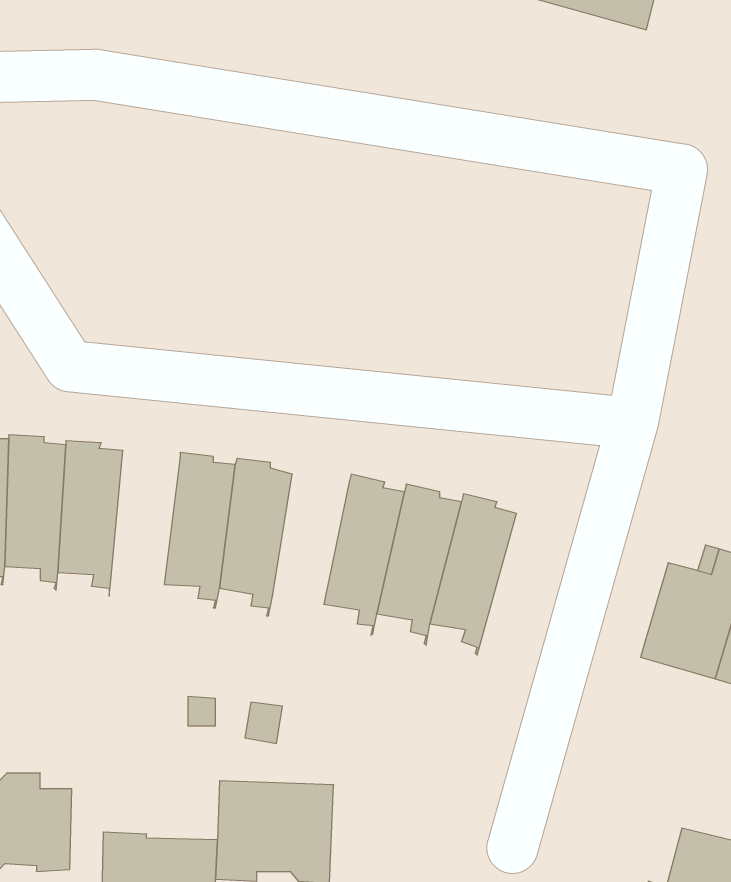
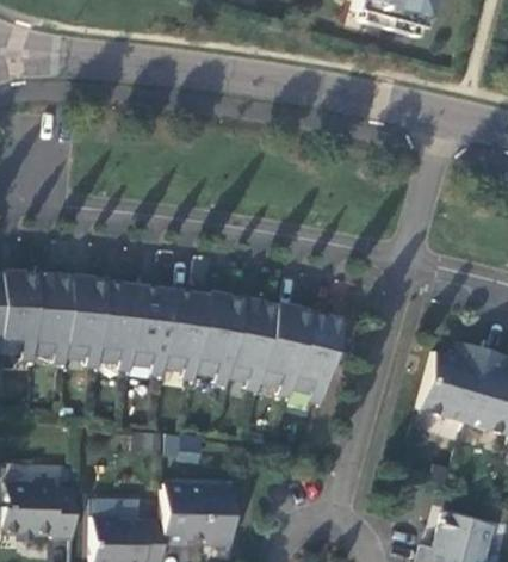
building: none -> [101,280,143,376]
building: none -> [199,294,246,390]

